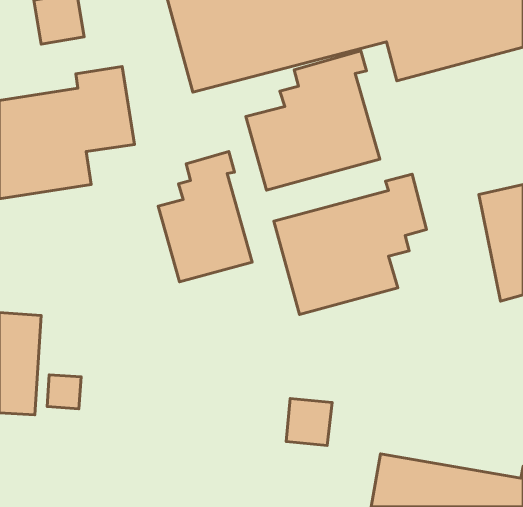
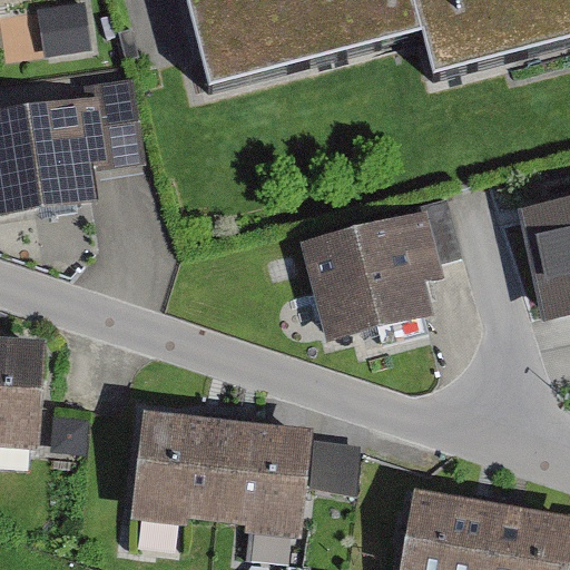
building: [246,51,380,190] -> none
building: [158,151,252,282] -> none
building: none -> [132,414,313,540]

